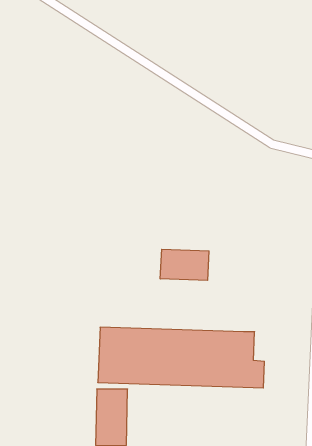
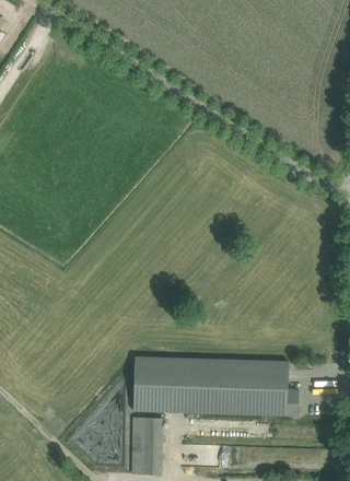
building: [160,249,209,280] -> none

